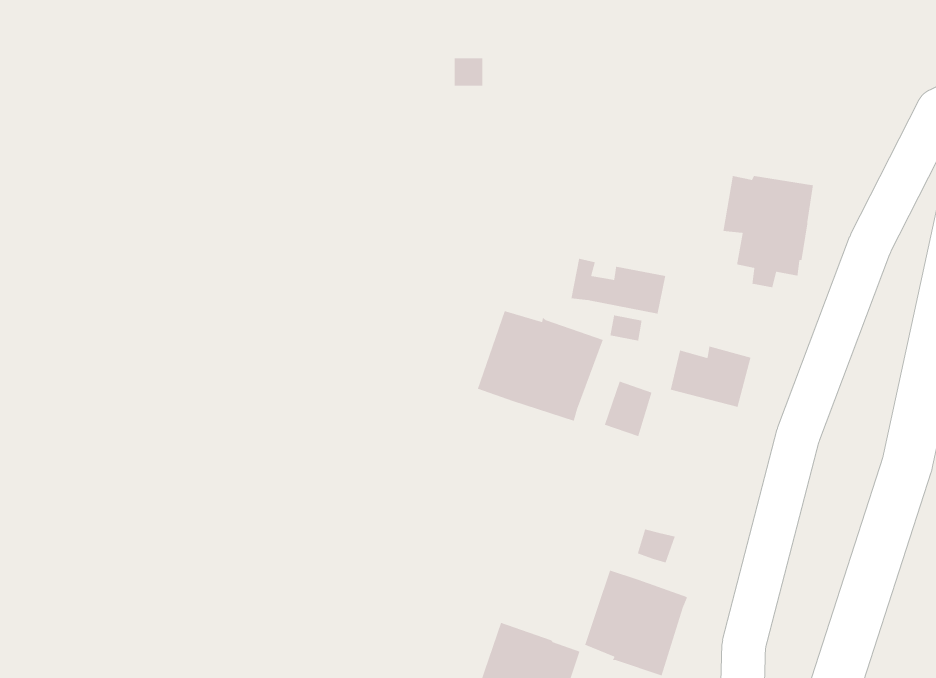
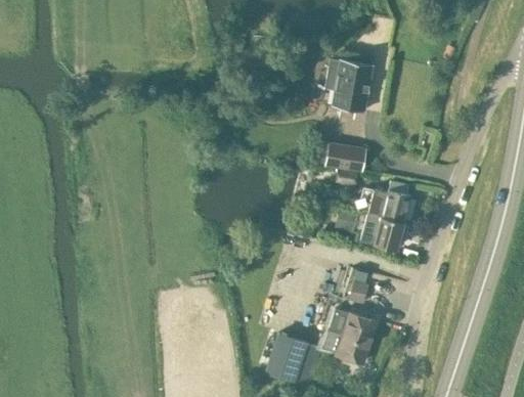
building: [722,175,814,288] -> [323,59,372,119]
building: [477,310,604,422] -> none
building: none -> [361,212,403,248]

